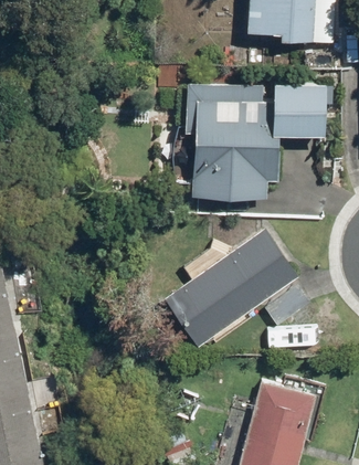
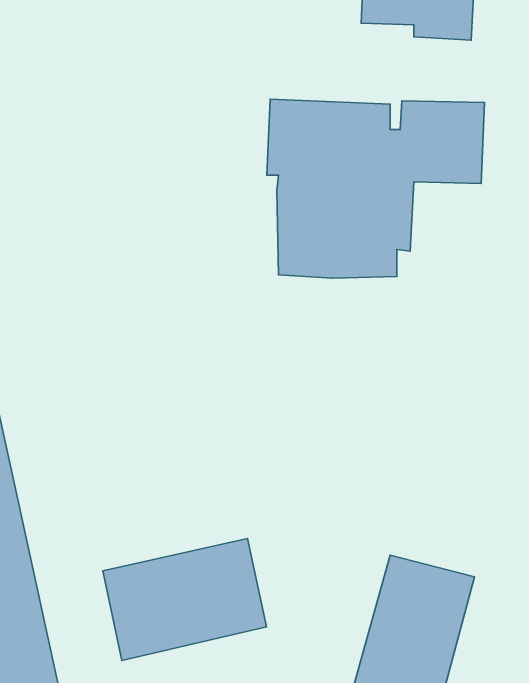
building: [162,226,299,347] -> none
building: none -> [103,539,266,661]

